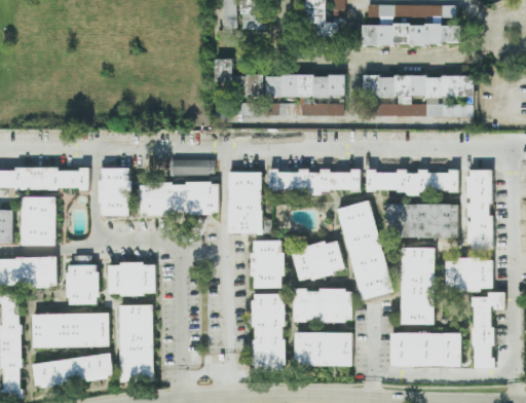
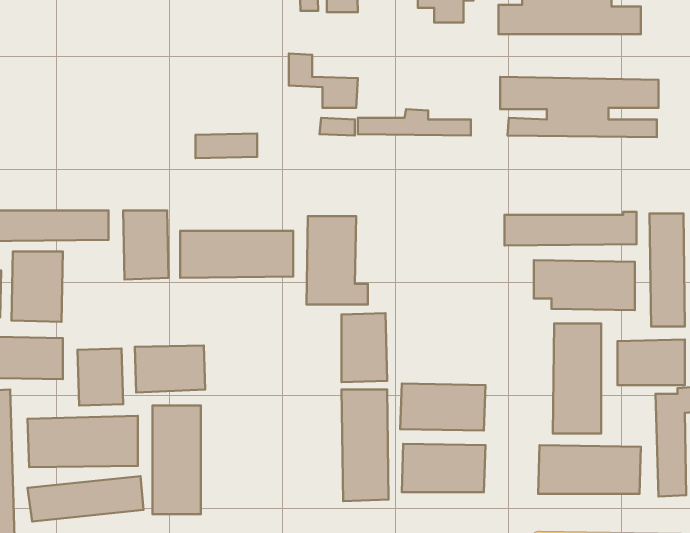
building: [264,75,344,96] -> none
building: [171,158,214,176] -> [196,133,257,158]
building: [268,170,361,191] -> none
building: [339,199,391,299] -> none
building: [292,239,345,281] -> none

